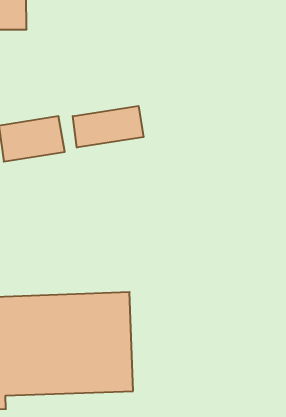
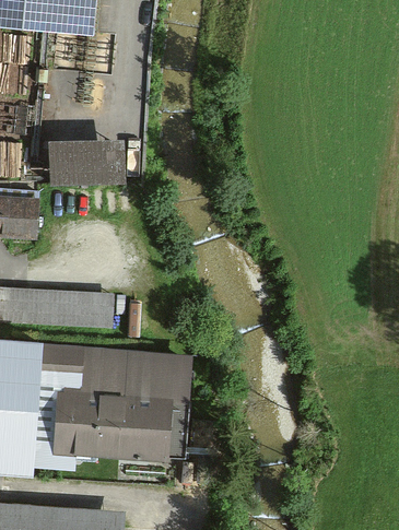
building: [73,106,144,148] -> none

